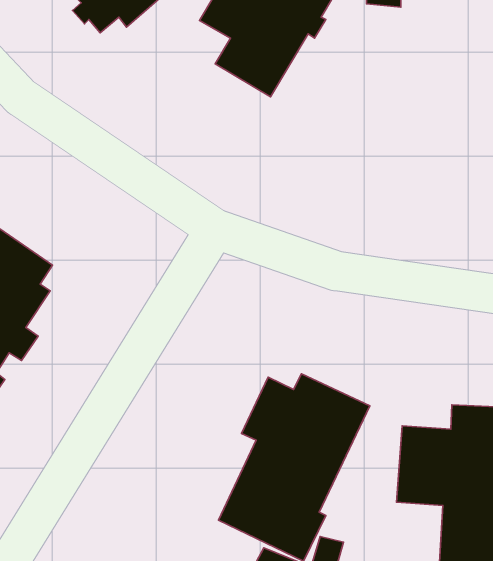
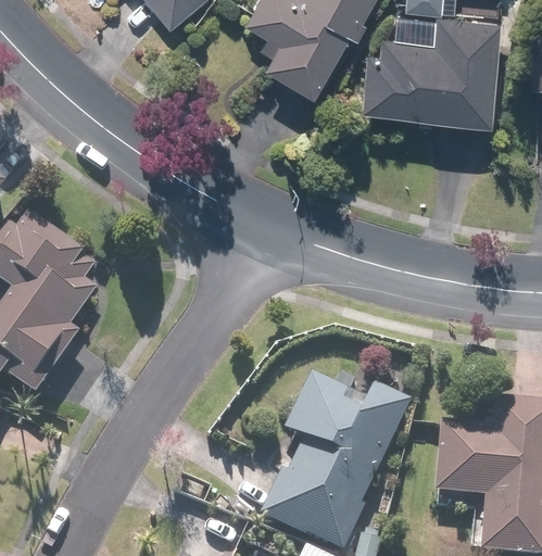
building: none -> [361,15,499,125]

